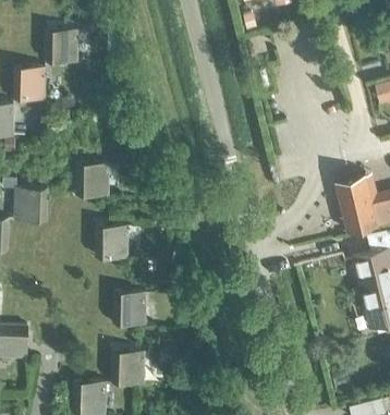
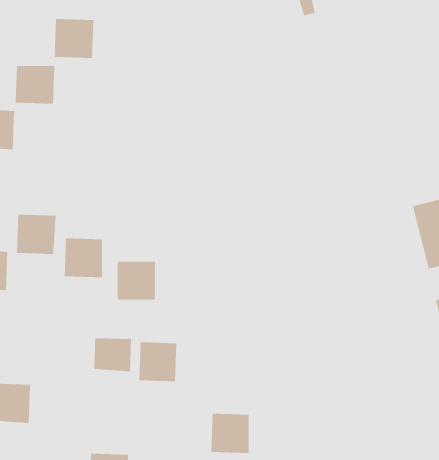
building: [76,164,108,197] -> [64,238,103,278]
building: none -> [94,337,132,372]
building: [111,352,143,385] -> [210,413,249,453]

